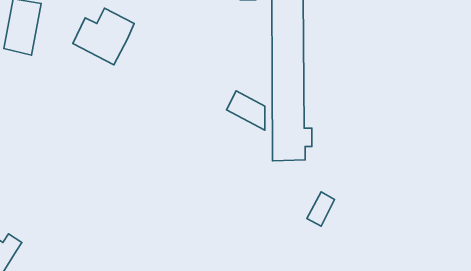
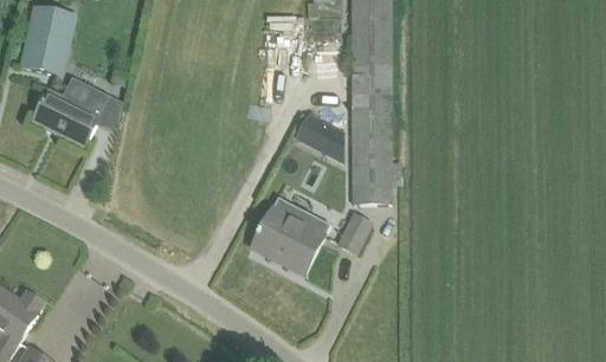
building: [73,8,134,65] -> [33,77,109,147]
building: none -> [252,198,330,274]
building: [307,192,335,226] -> [337,213,372,256]

